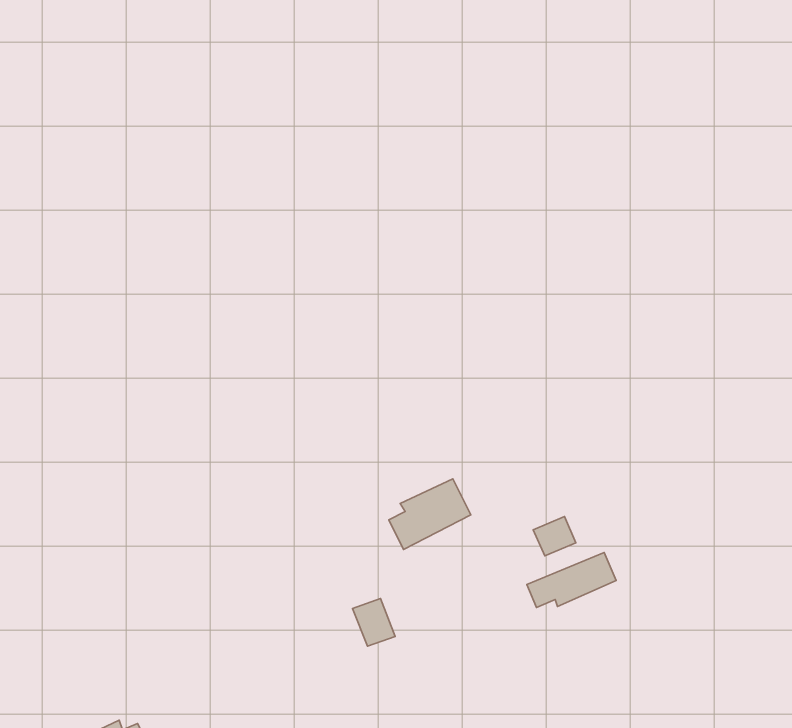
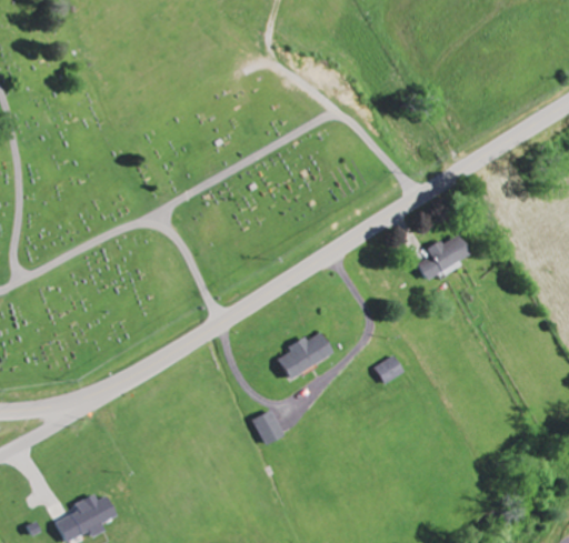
building: none -> [416,231,471,280]
building: [527,552,616,607] -> none

